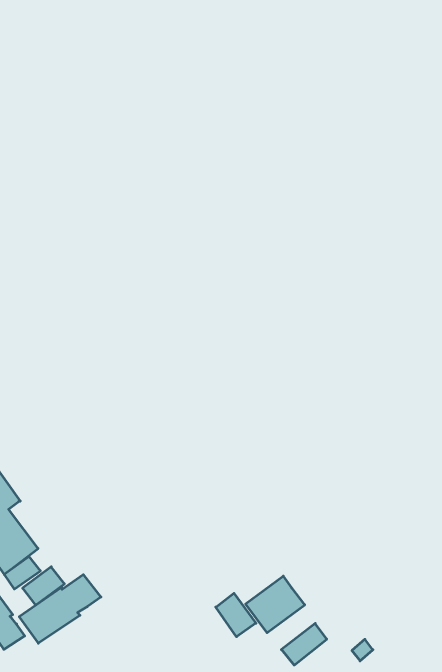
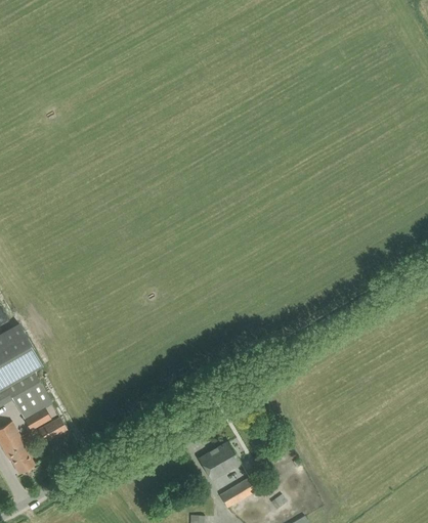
building: [19,575,101,643] -> none
building: [216,593,256,637] -> none

